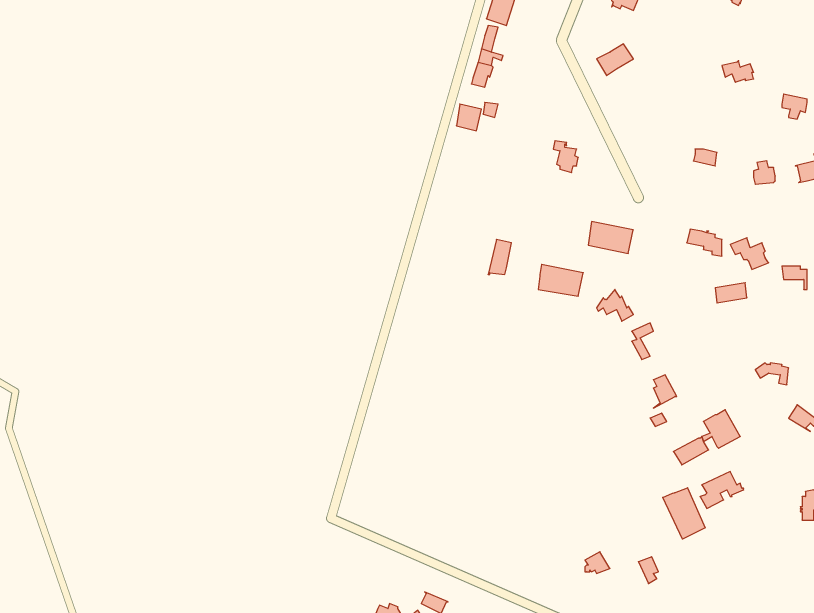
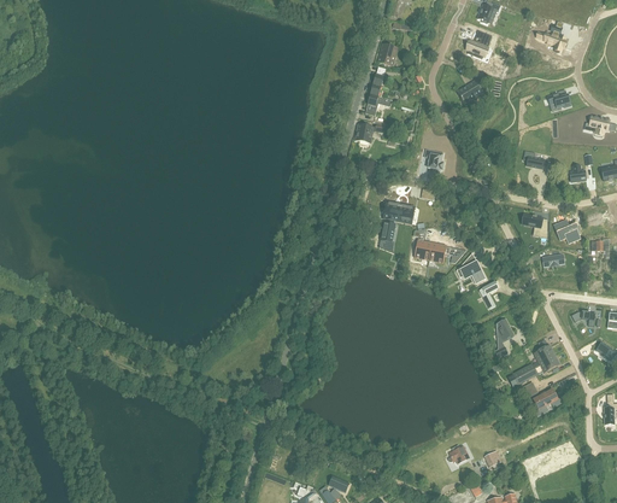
building: [588,222,633,253] -> [382,200,415,223]
building: [663,488,705,539] -> none

